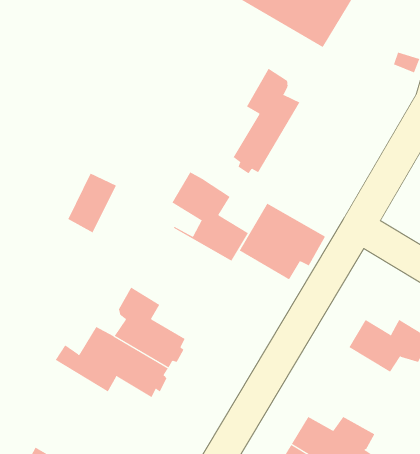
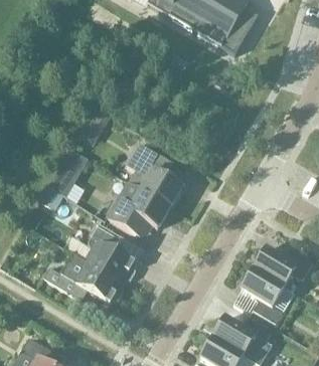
building: [233,68,300,174] -> none
building: [239,203,326,280] -> [108,181,170,236]
building: none -> [242,266,284,323]

